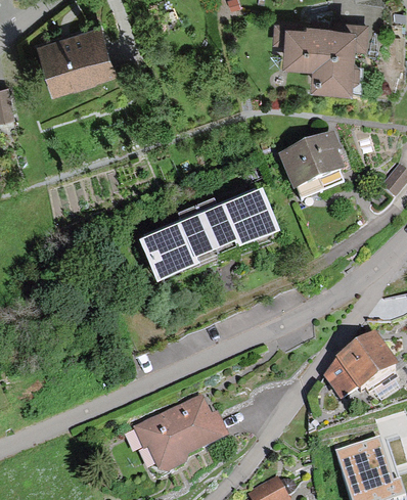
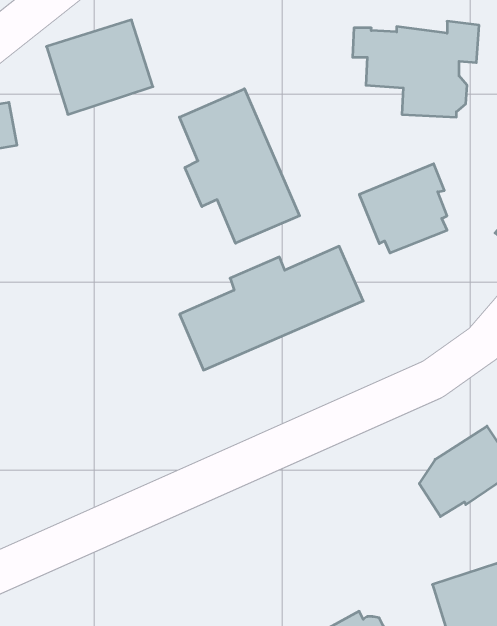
building: none -> [179,89,300,243]
building: [132,393,230,473] -> none

